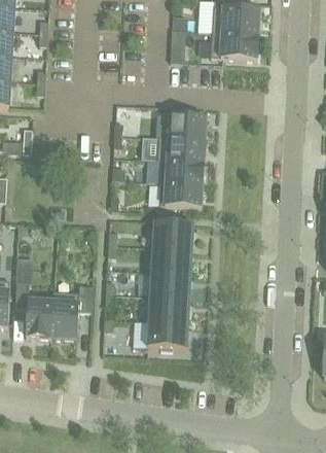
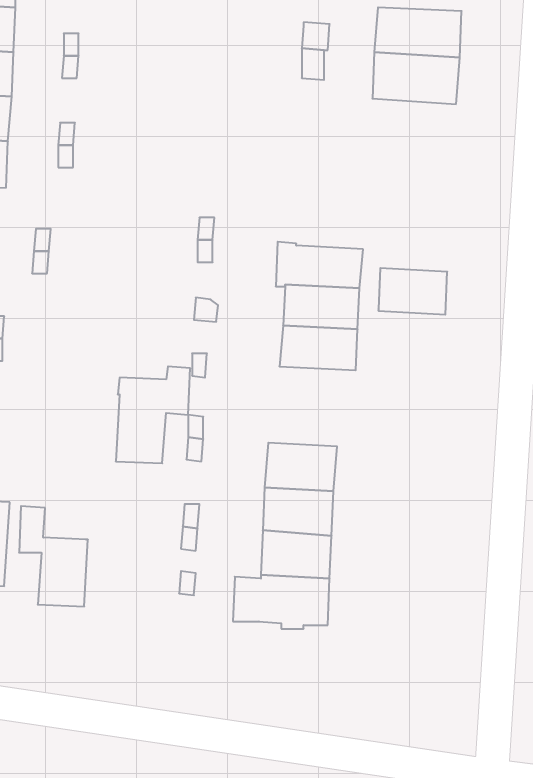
building: [168,113,206,139] -> [378,268,447,315]
building: [152,220,191,248] -> none
building: [50,284,92,338] -> [116,366,190,463]

